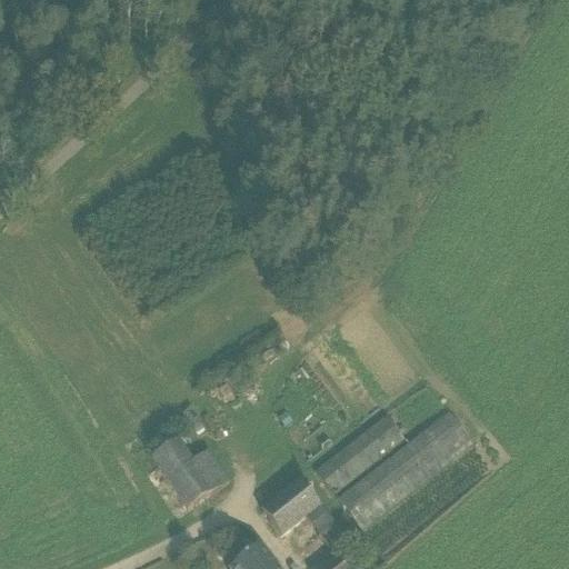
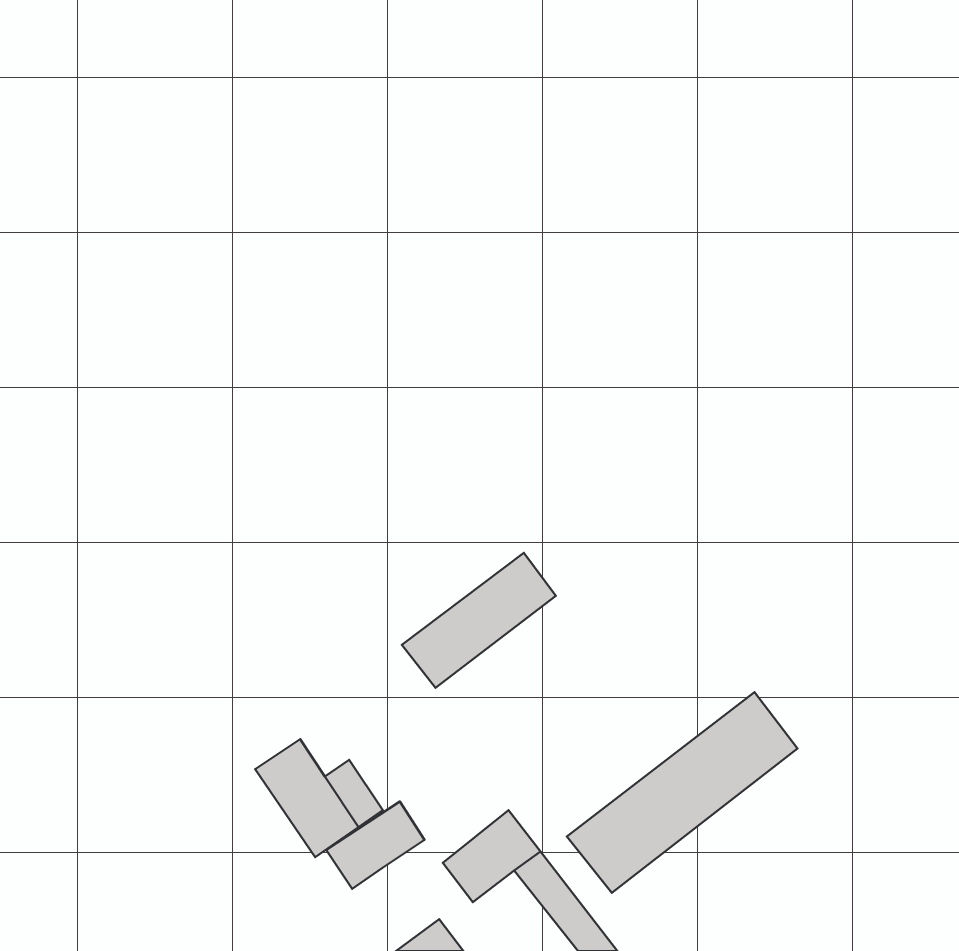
building: [313,413,405,493] -> [402,553,556,688]
building: none -> [326,802,424,889]

